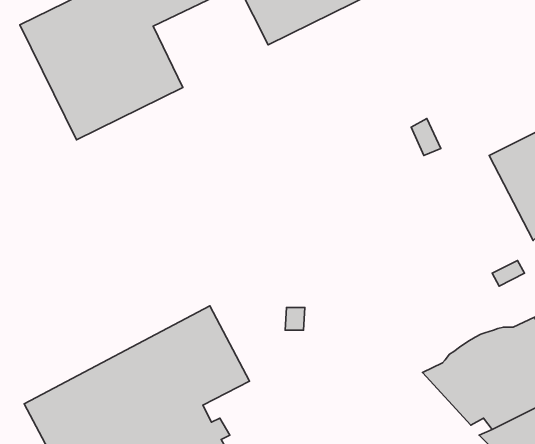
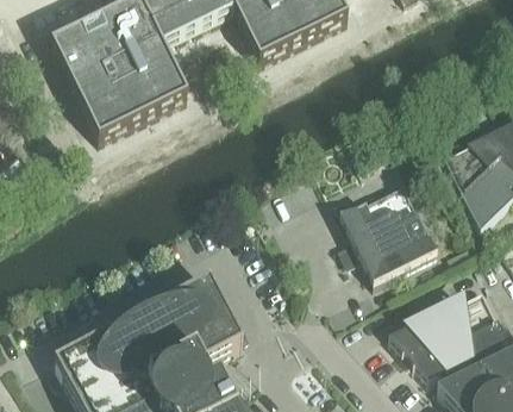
building: none -> [339,179,437,279]

